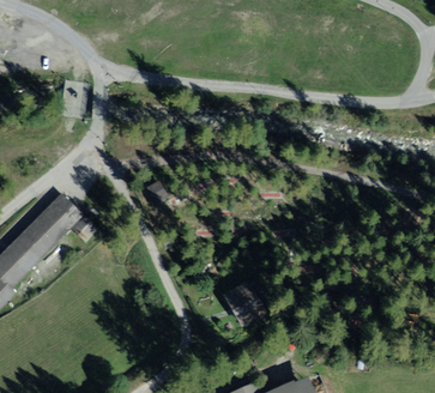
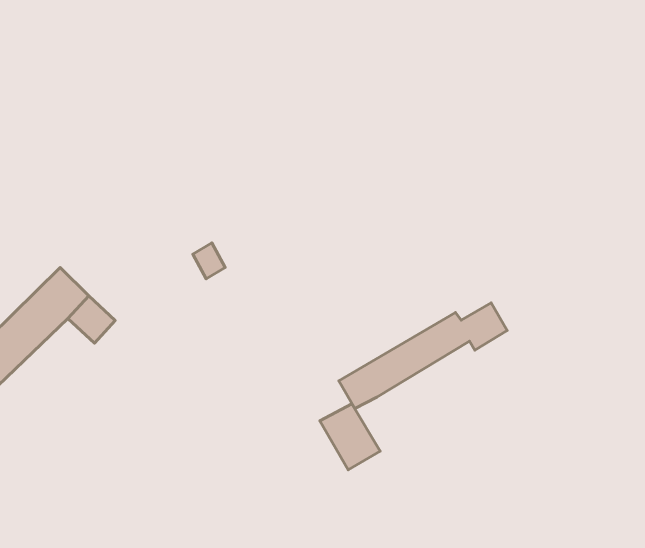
building: none -> [339,303,507,409]

